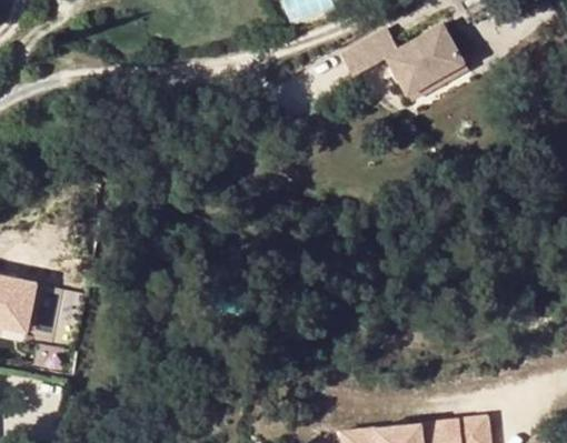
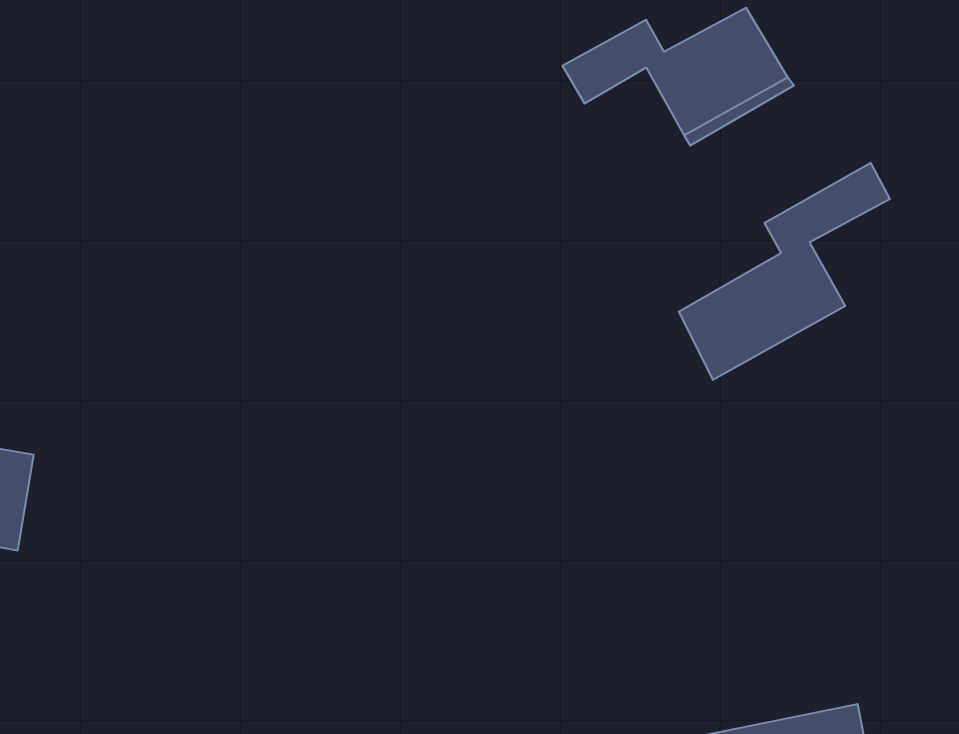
building: none -> [679,163,890,380]

